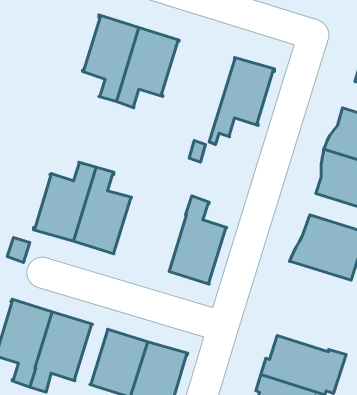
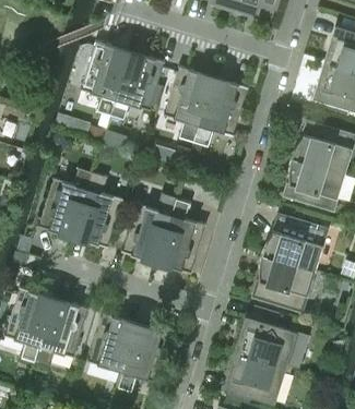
building: none -> [164,67,213,151]
building: none -> [121,193,176,263]
building: none -> [252,254,315,312]

